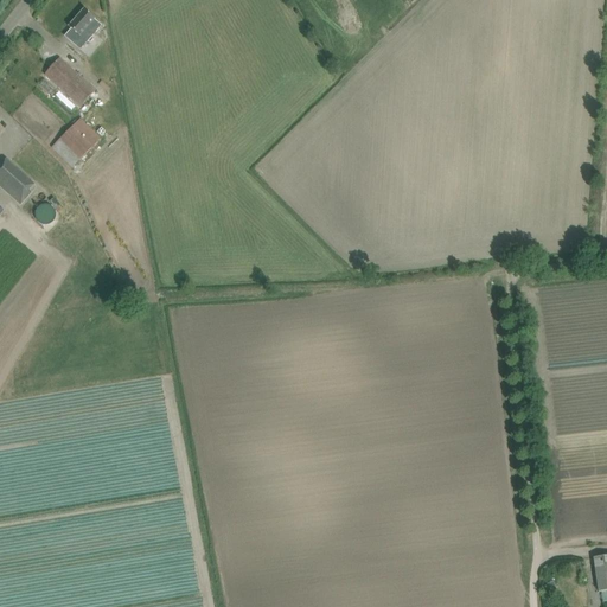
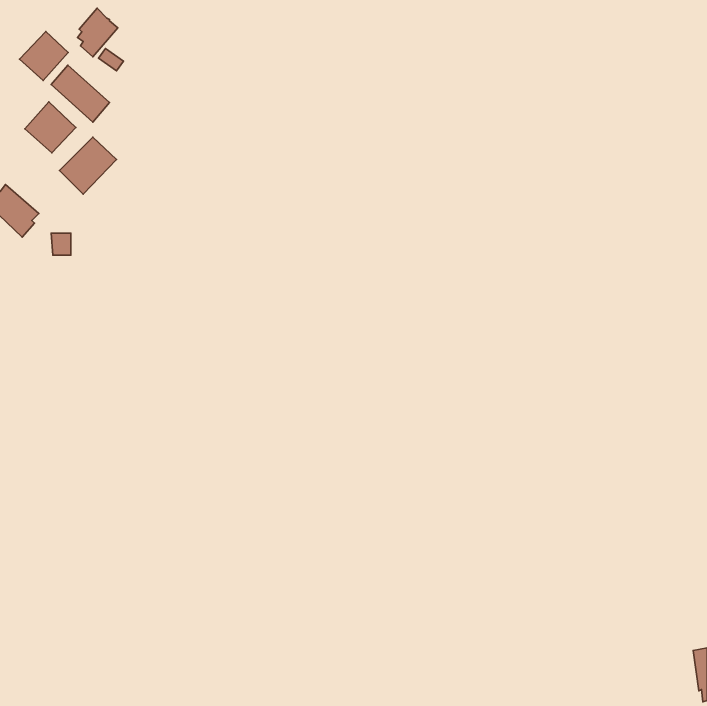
building: none -> [20,31,68,80]
building: none -> [25,102,76,153]

